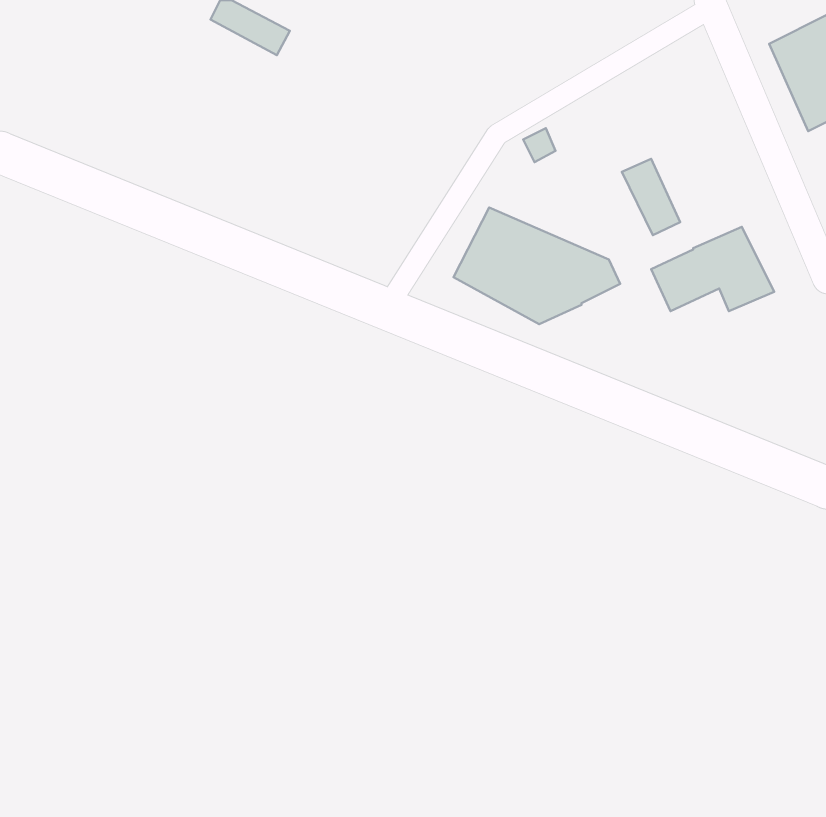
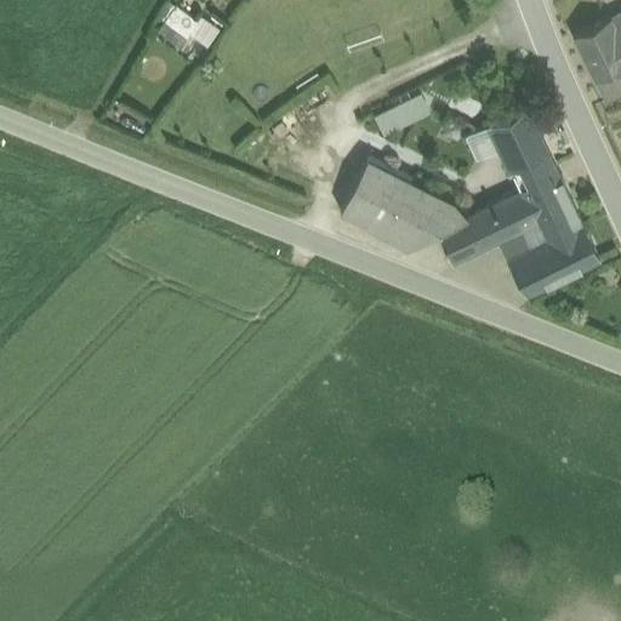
building: none -> [489,112,557,194]
building: none -> [437,210,503,267]
building: none -> [508,227,598,297]

